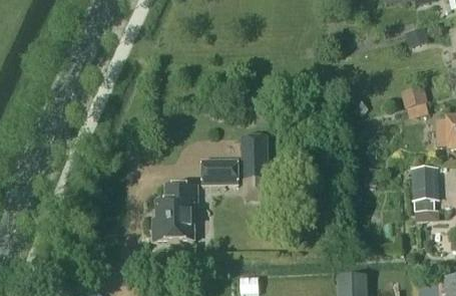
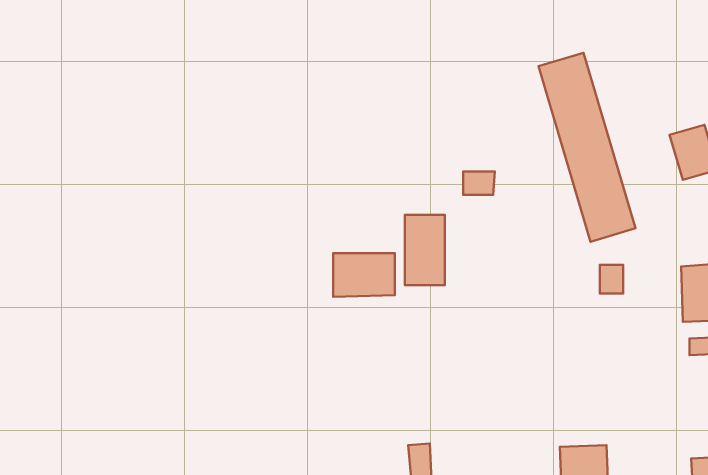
building: none -> [539,53,636,242]
building: [152,184,197,240] -> none

